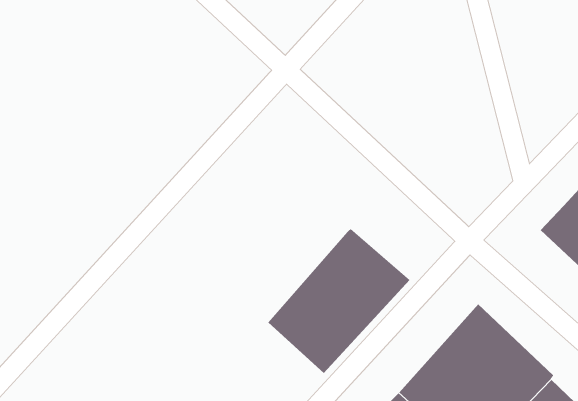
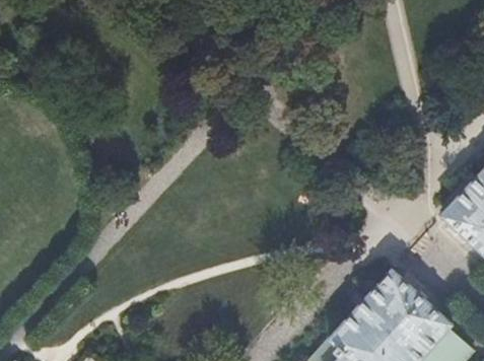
building: [268,228,410,374] -> none

